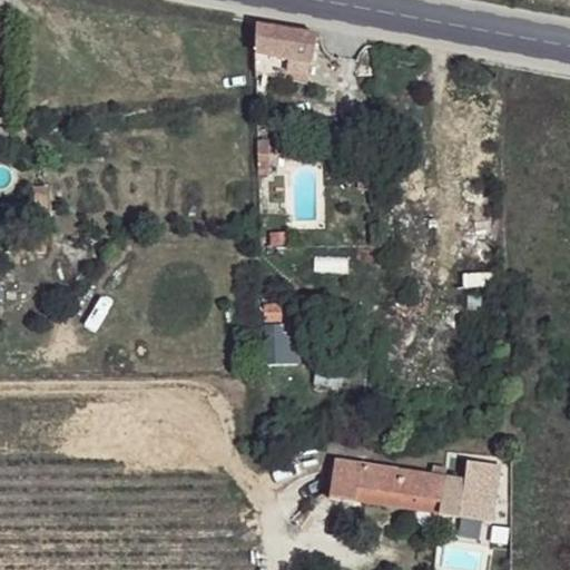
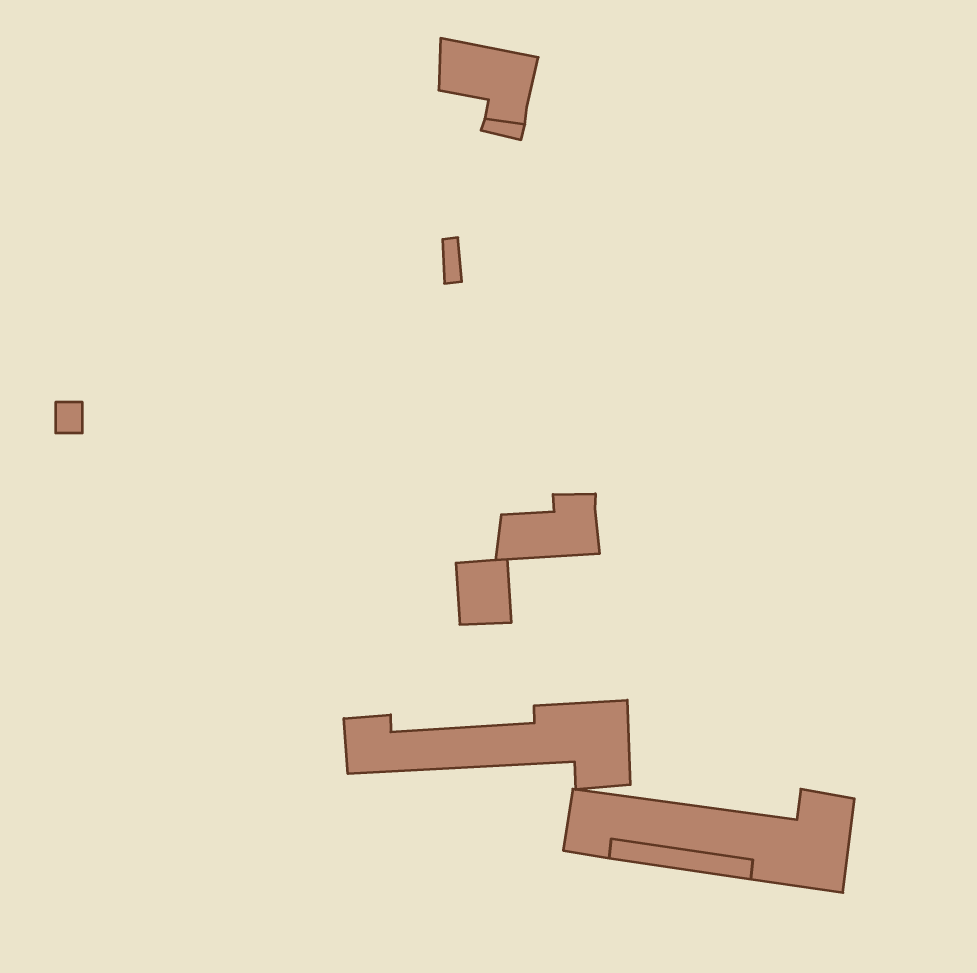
building: none -> [496,494,599,560]
building: none -> [344,700,630,790]

